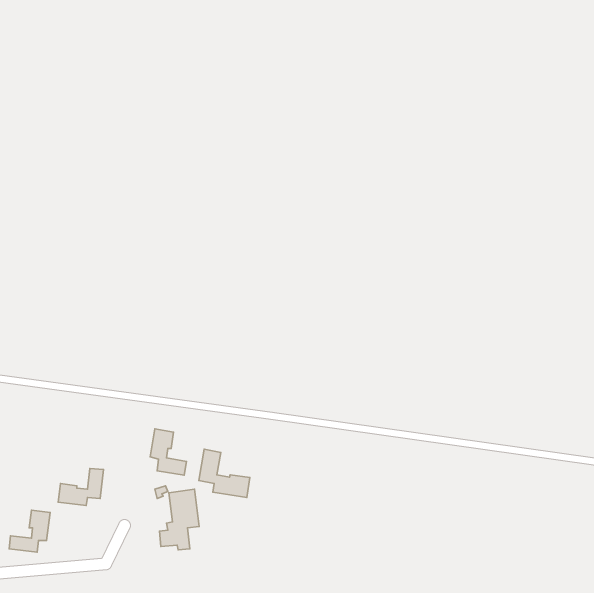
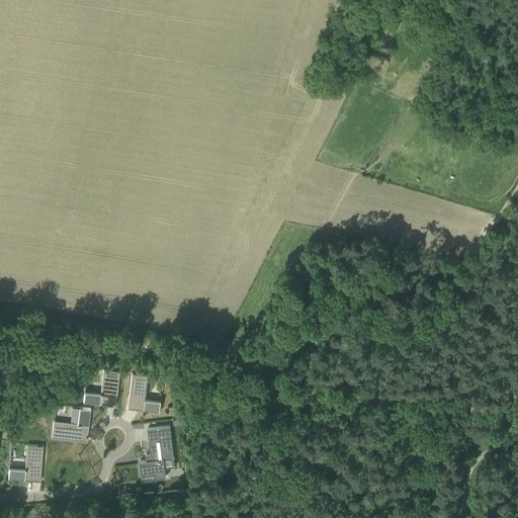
building: none -> [82,370,118,407]
building: [199,449,250,498] -> none

